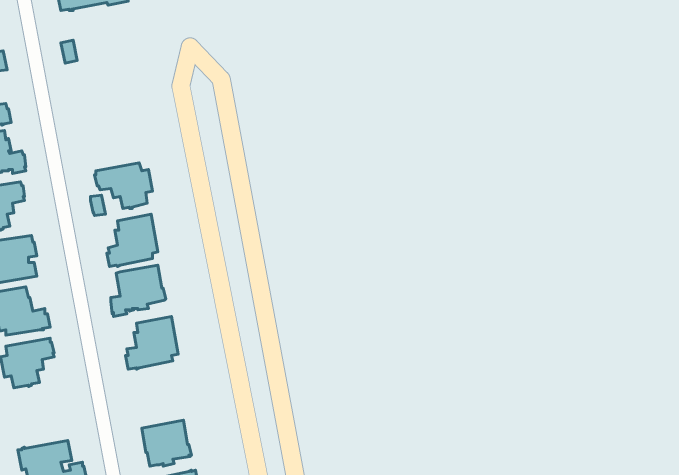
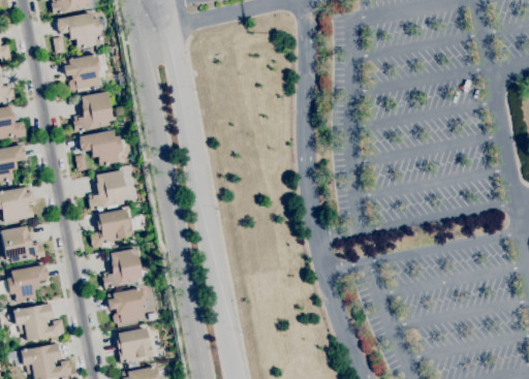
building: none -> [57,12,102,48]
building: none -> [65,54,108,90]
building: none -> [74,91,114,131]
building: none -> [108,287,146,323]
building: none -> [13,303,66,341]

